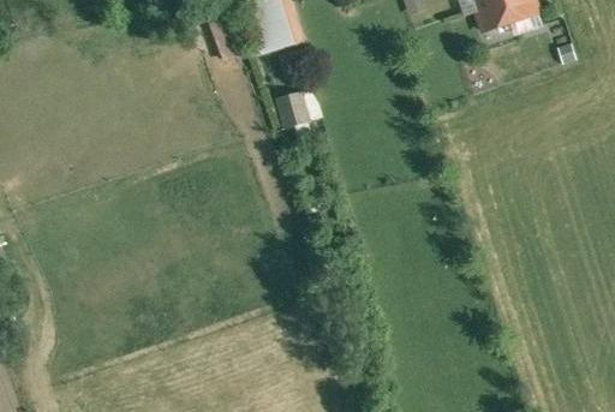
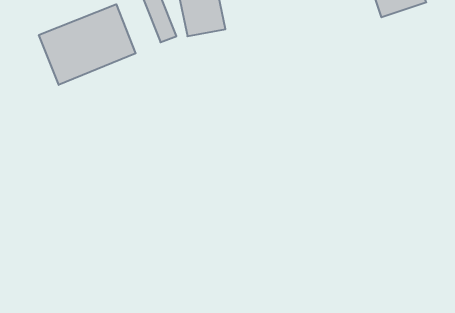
building: none -> [39,4,136,85]
building: [274,86,320,127] -> none

